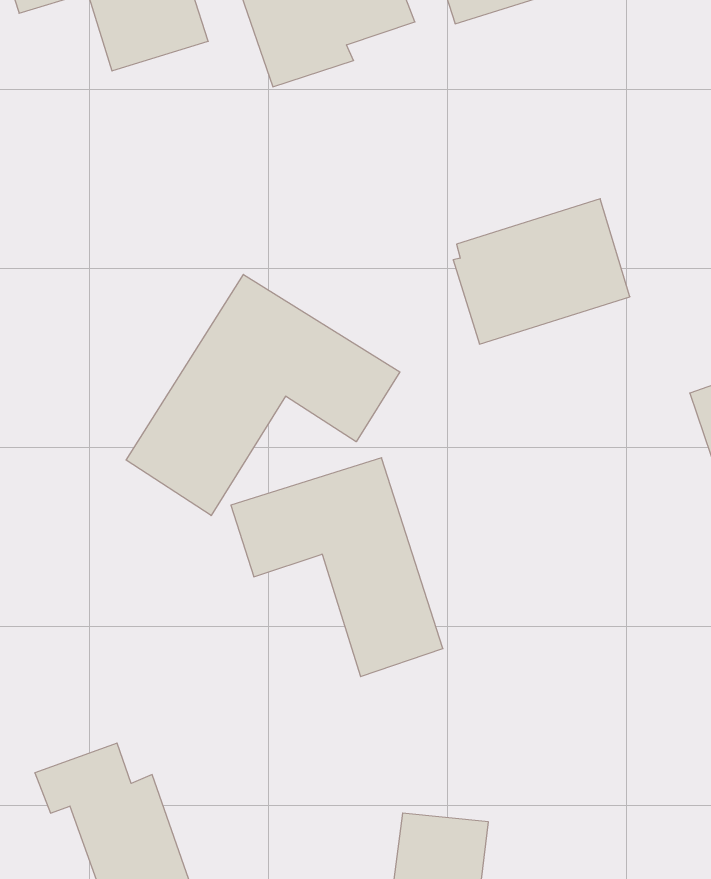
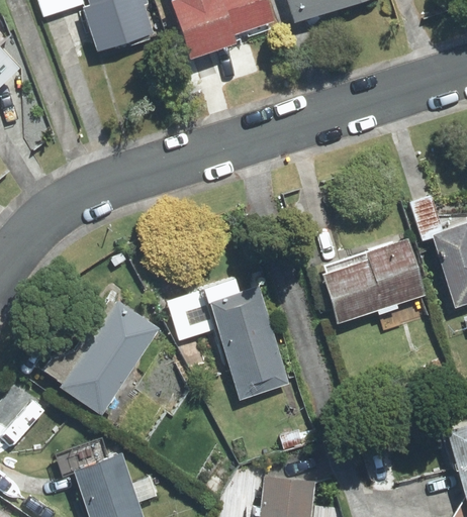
building: [453,199,630,344] -> [323,239,426,323]
building: [126,274,400,516] -> none
building: none -> [39,304,157,414]

